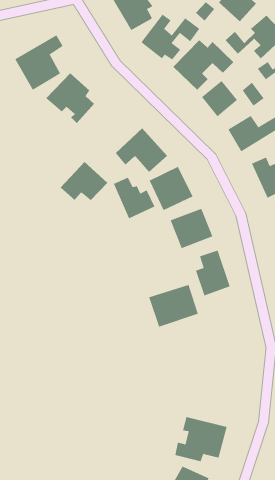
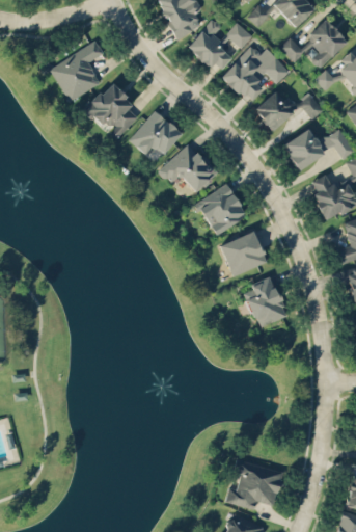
building: [60,161,108,201] -> [129,110,182,154]
building: [113,177,155,219] -> none
building: [149,284,198,327] -> none

